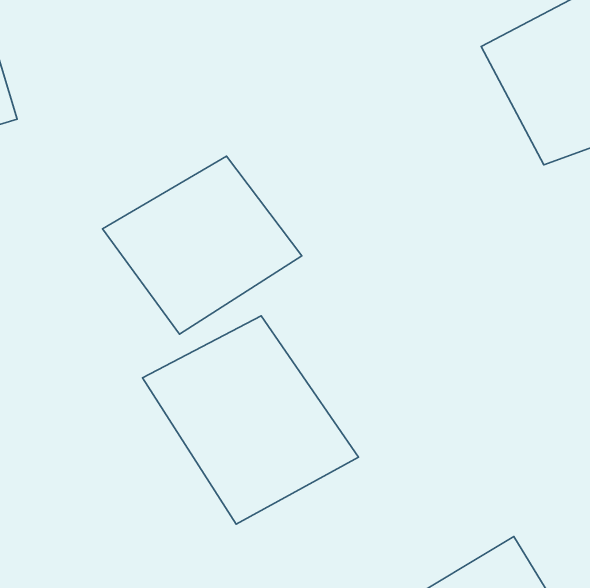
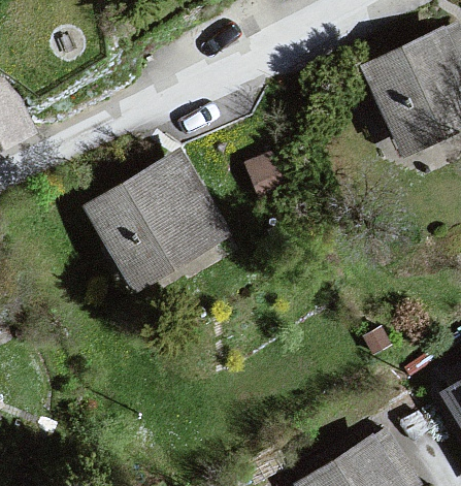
building: [143,316,359,524] -> none

